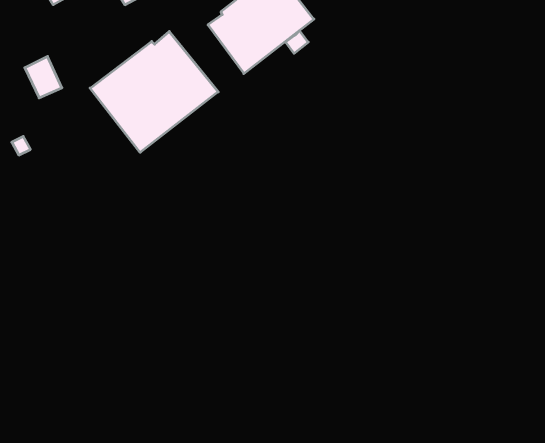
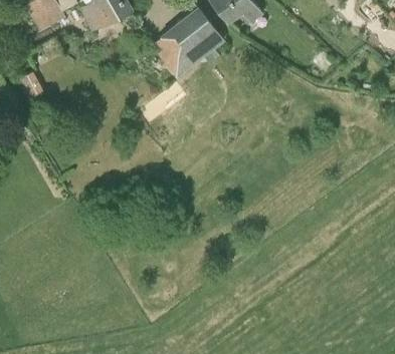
building: [90,31,218,152] -> none

